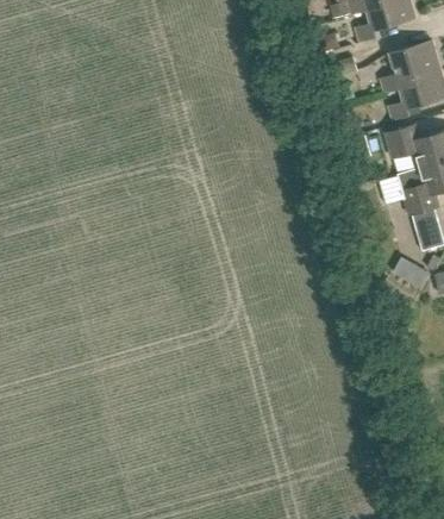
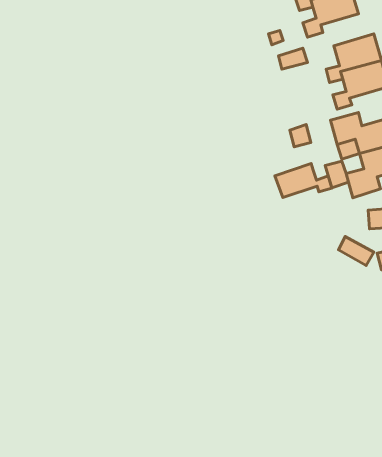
building: none -> [275,164,332,197]

